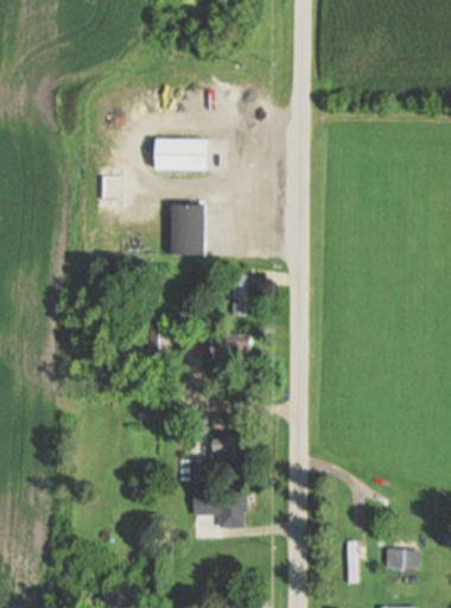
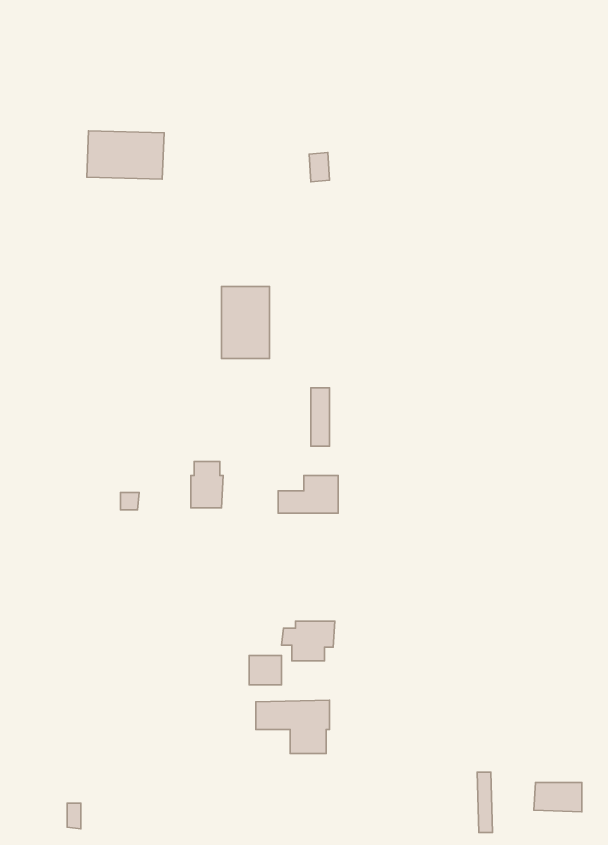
building: [153,138,207,171] -> [87,131,164,179]

